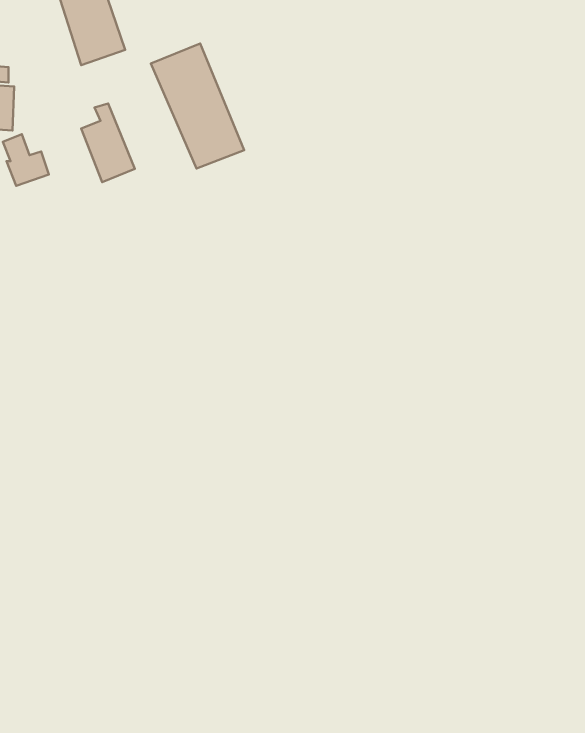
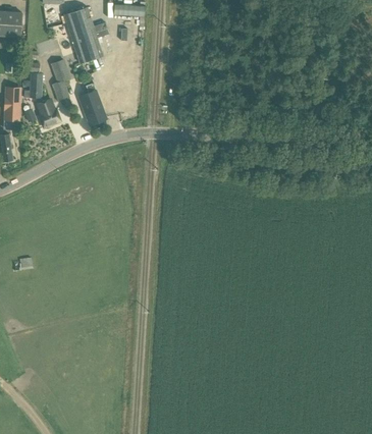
building: [151,44,244,169] -> none
building: none -> [51,60,70,102]

